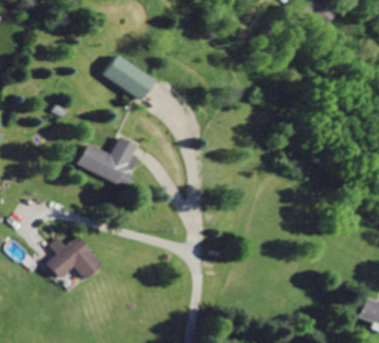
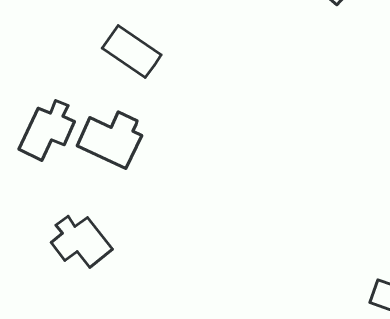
building: none -> [19,100,74,160]

